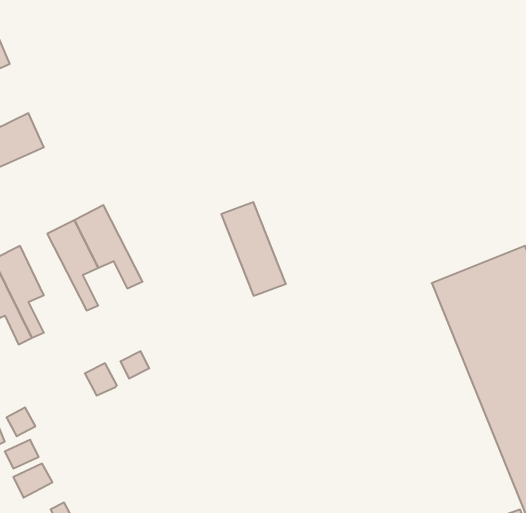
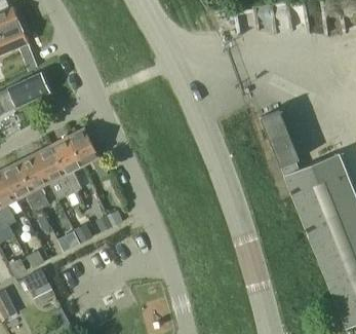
building: [221,202,286,296] -> [261,111,300,168]
building: none -> [35,146,75,200]

